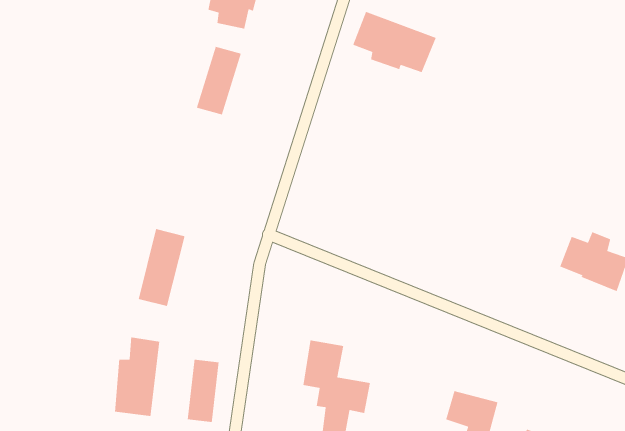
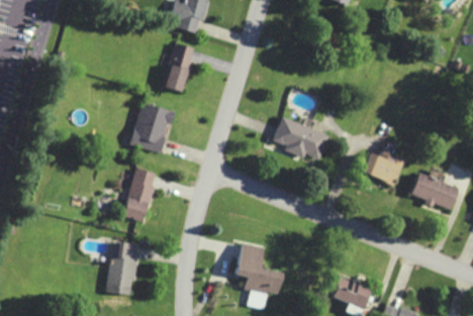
building: [352,11,437,73] -> [272,117,329,160]
building: none -> [130,102,175,152]
building: none -> [361,149,404,185]
building: [187,359,220,423] -> none

